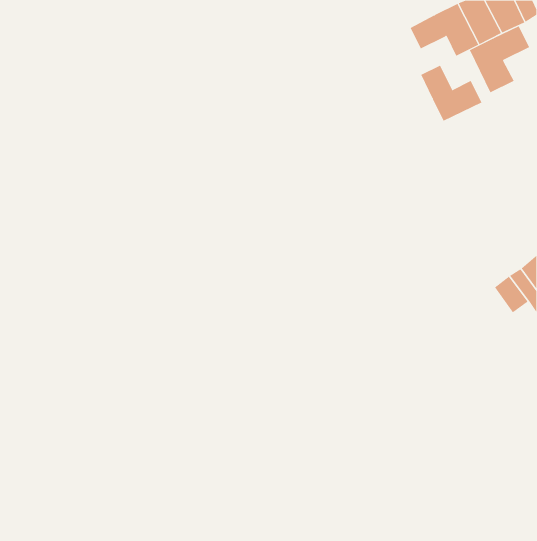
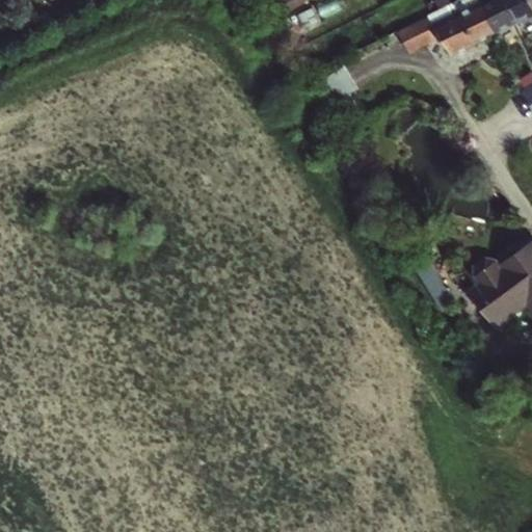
building: [469,26,530,93] -> none
building: [421,65,482,121] -> none

